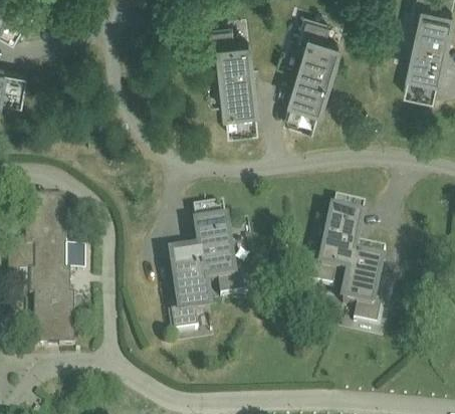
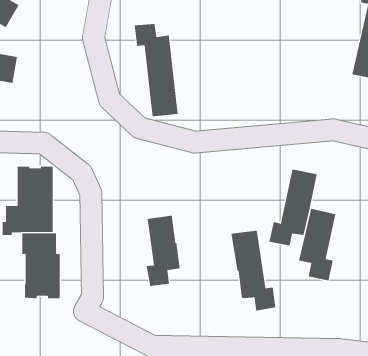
building: [282,17,337,129] -> none
building: [207,27,257,133] -> [134,23,178,117]
building: [192,205,243,296] -> [231,230,276,311]

